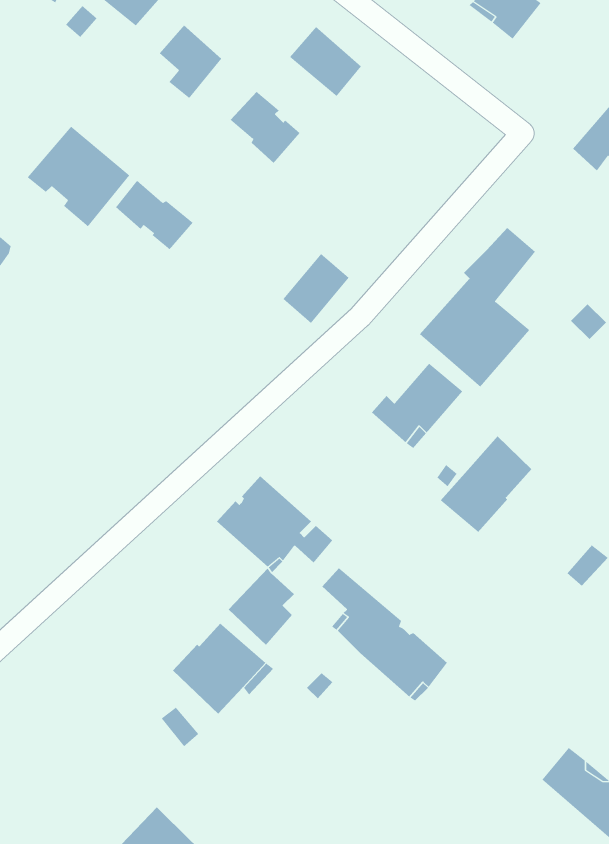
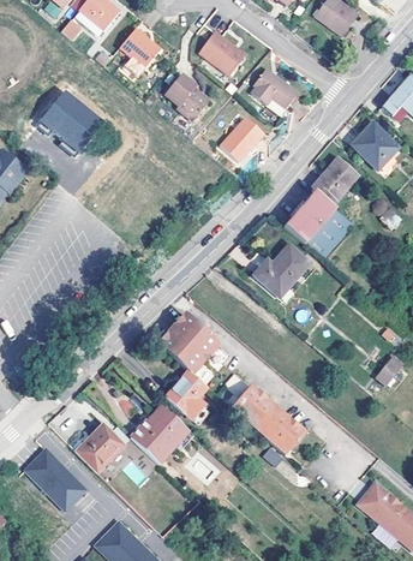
building: none -> [251,71,295,118]
building: none -> [351,121,396,167]
building: [115,180,194,250] -> none
building: [282,253,349,324] -> [214,126,256,171]
building: [440,436,532,533] -> none
building: none -> [73,424,121,472]
building: none -> [25,449,86,511]

